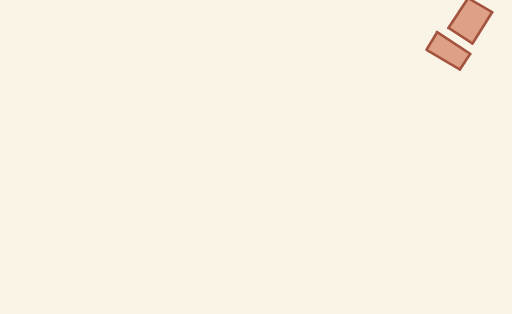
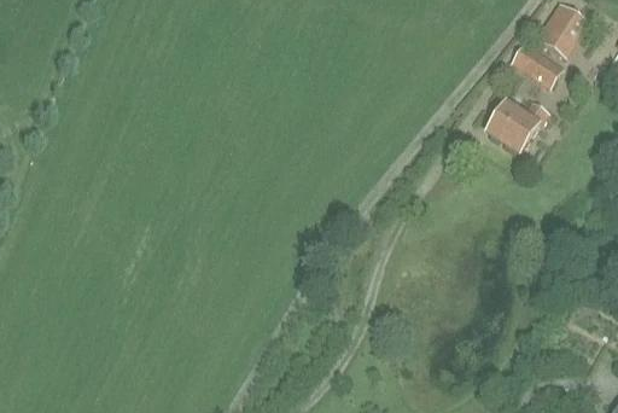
building: none -> [489,104,548,152]

